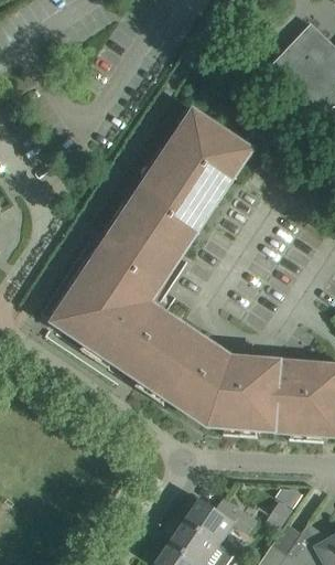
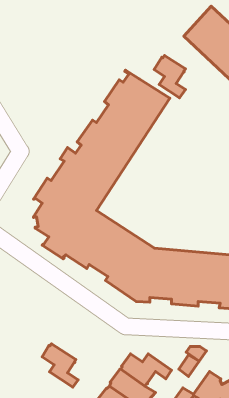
building: none -> [154,55,185,98]
building: none -> [42,344,78,387]

